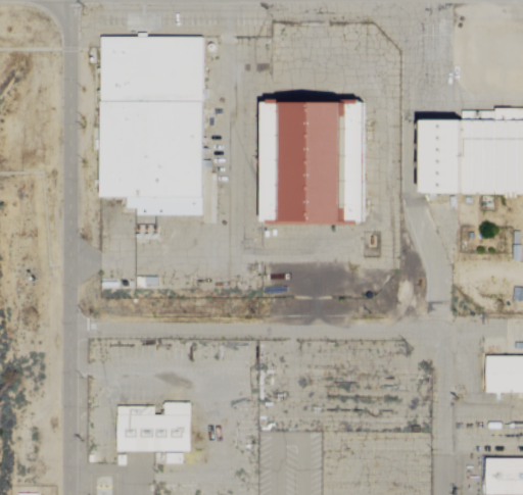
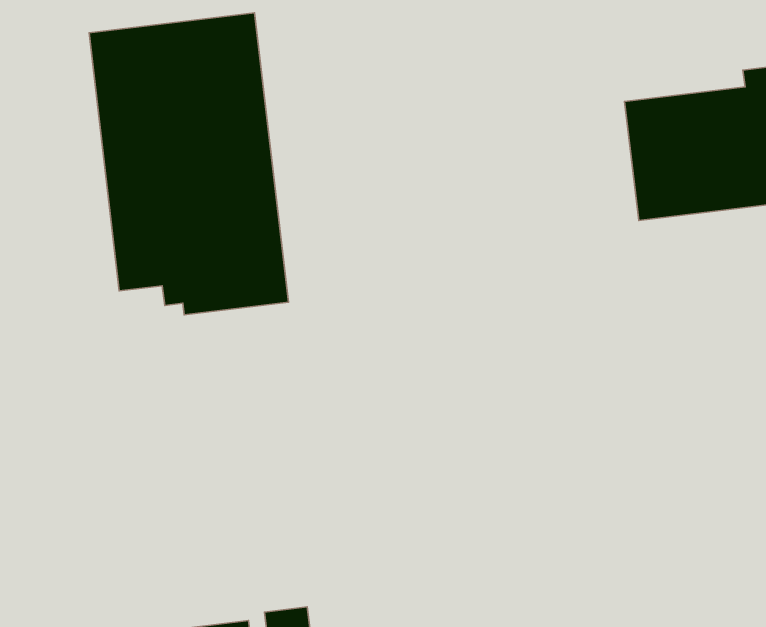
building: [262,92,369,224] -> none

